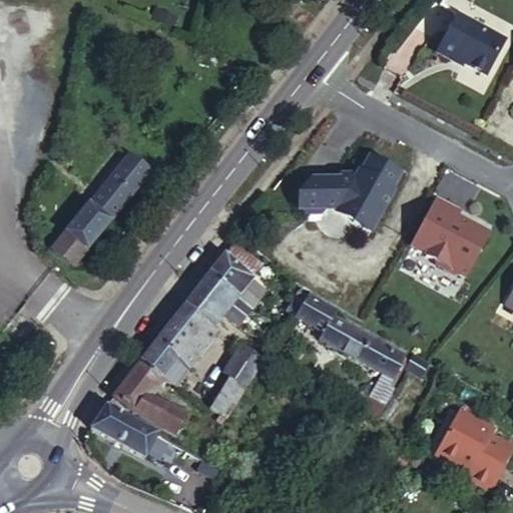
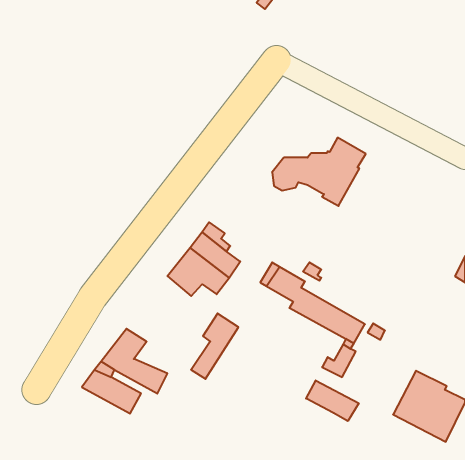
building: [433,12,502,74] -> none
building: [50,154,149,267] -> none
building: [413,195,489,277] -> none
building: [139,304,215,384] -> none
building: none -> [306,380,359,421]

